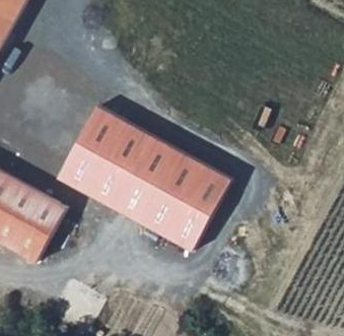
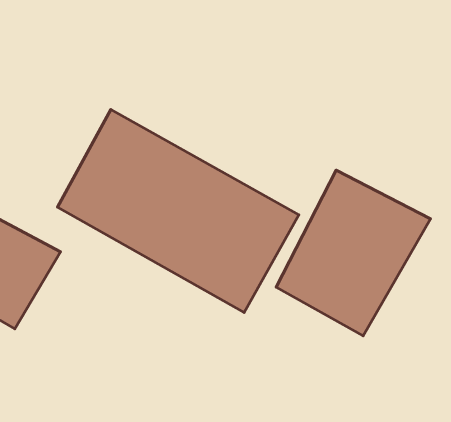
building: none -> [276,170,430,336]

